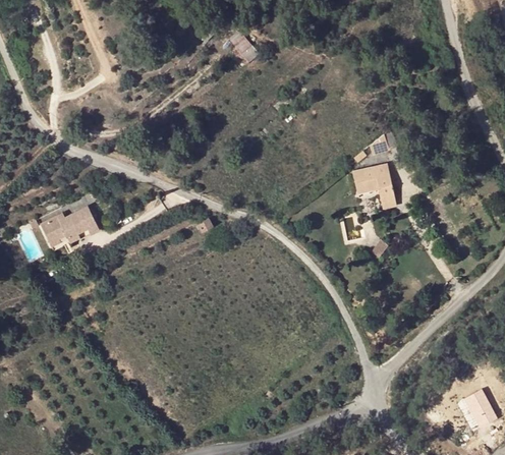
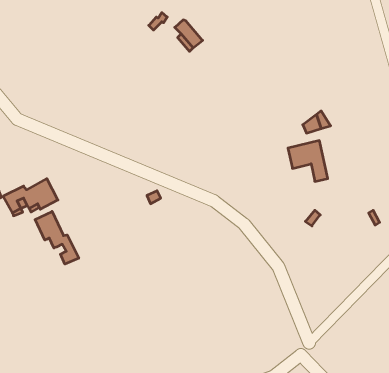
building: none -> [35,211,79,264]

